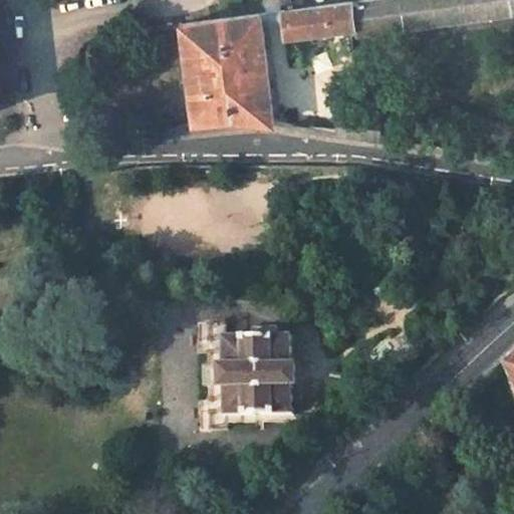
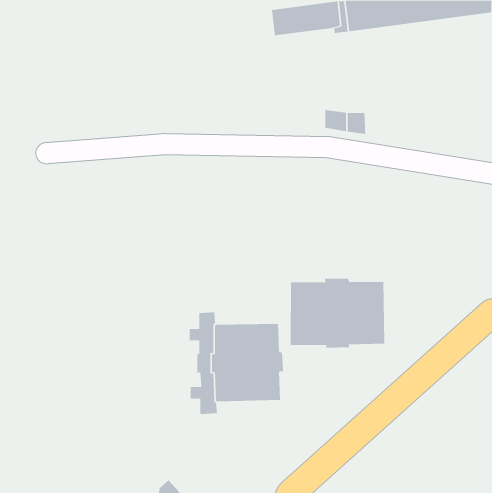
building: [182,15,271,125] -> none
building: none -> [290,278,385,349]

